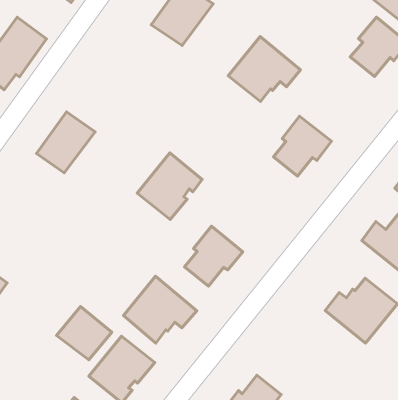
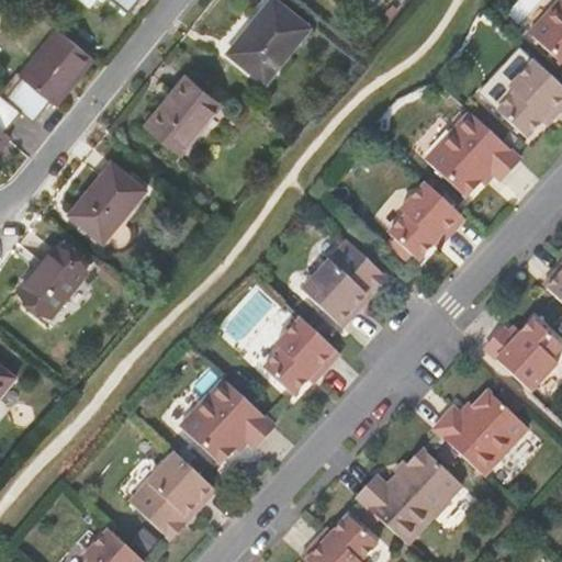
building: [228,36,301,101] -> [423,111,517,195]
building: none -> [161,74,231,146]
building: [137,153,202,220] -> [299,239,384,326]
building: none -> [30,240,95,307]
building: [57,307,112,360] -> none
building: none -> [352,446,459,543]

